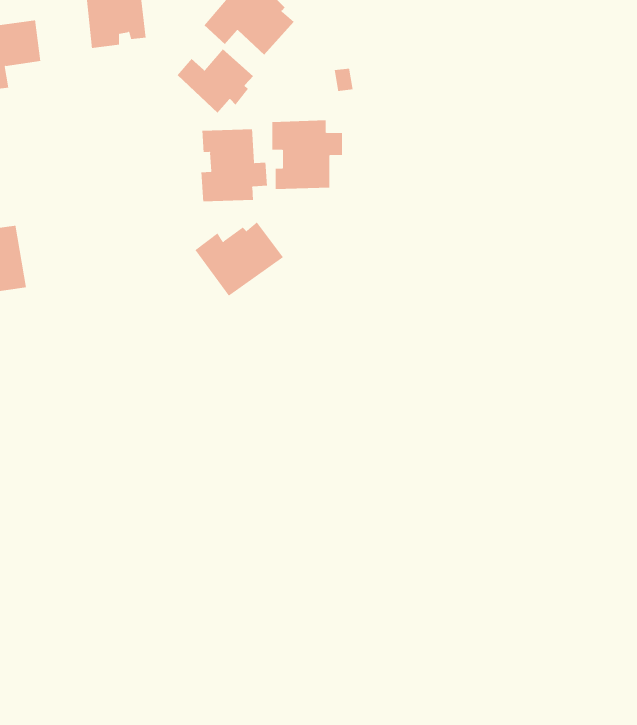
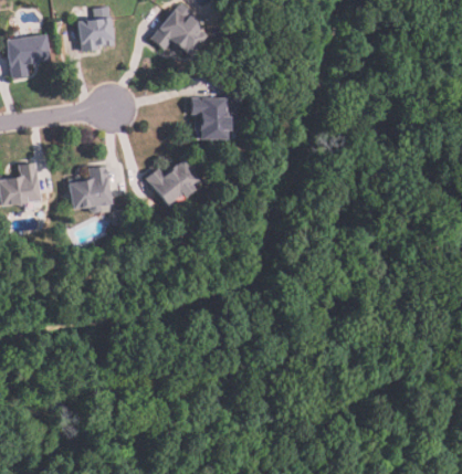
building: [177,48,254,113] -> none
building: [201,129,267,202] -> none
building: none -> [69,165,112,212]

